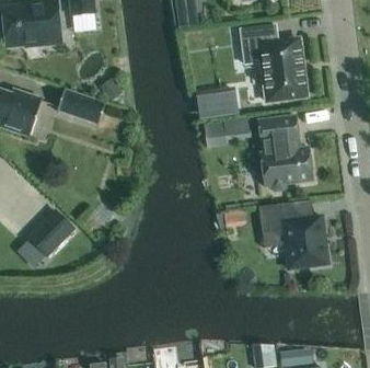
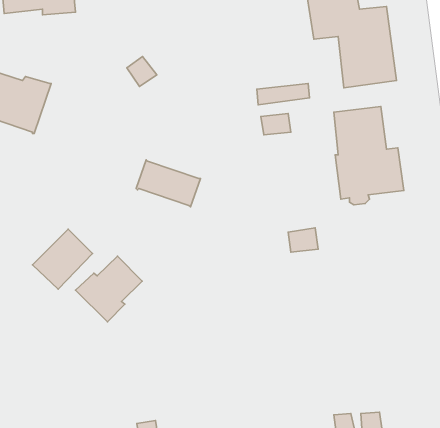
building: [57,89,106,125] -> [136,160,200,207]
building: [259,203,328,269] -> none
building: none -> [76,256,142,322]

